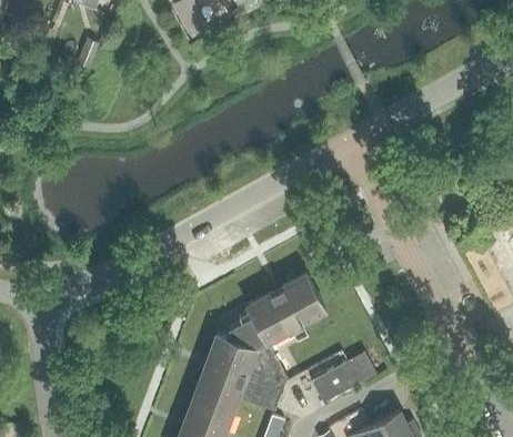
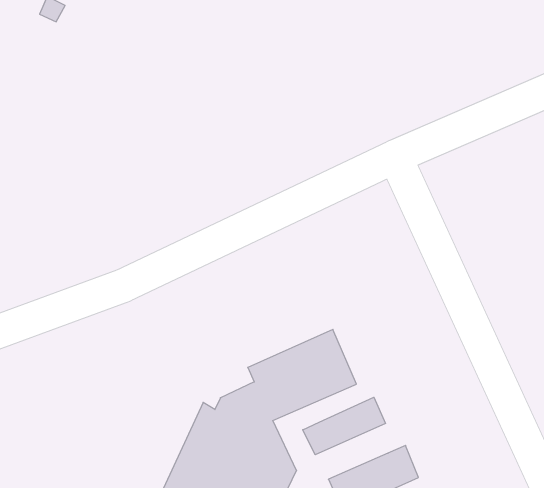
building: none -> [303,397,386,455]

